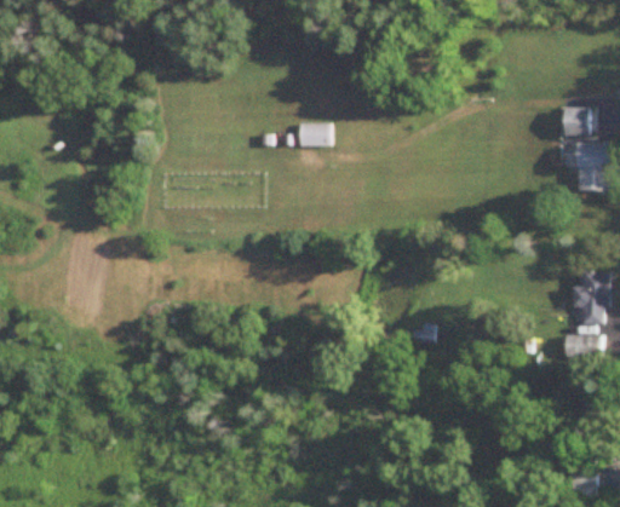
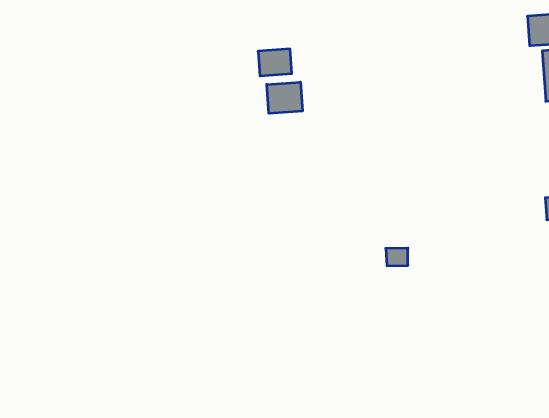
building: none -> [267,82,302,113]

